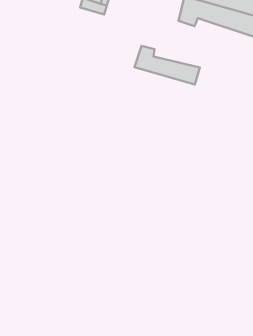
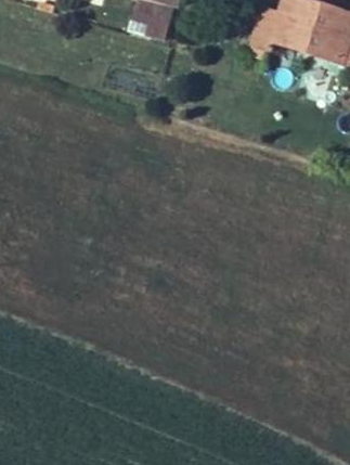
building: [135,46,200,84] -> none

